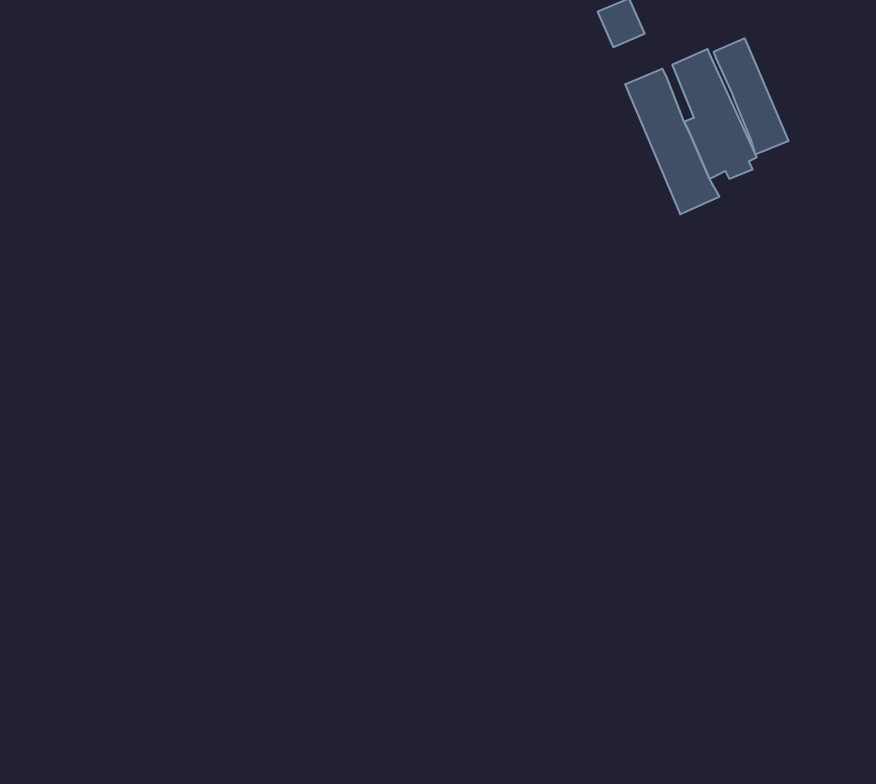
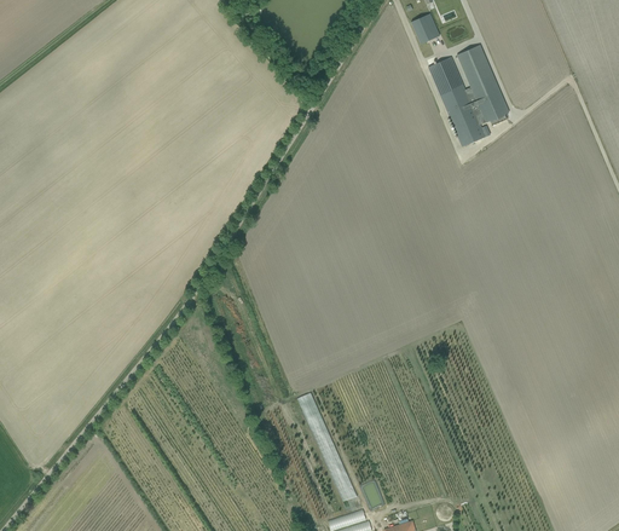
building: [714,38,789,154] -> none

